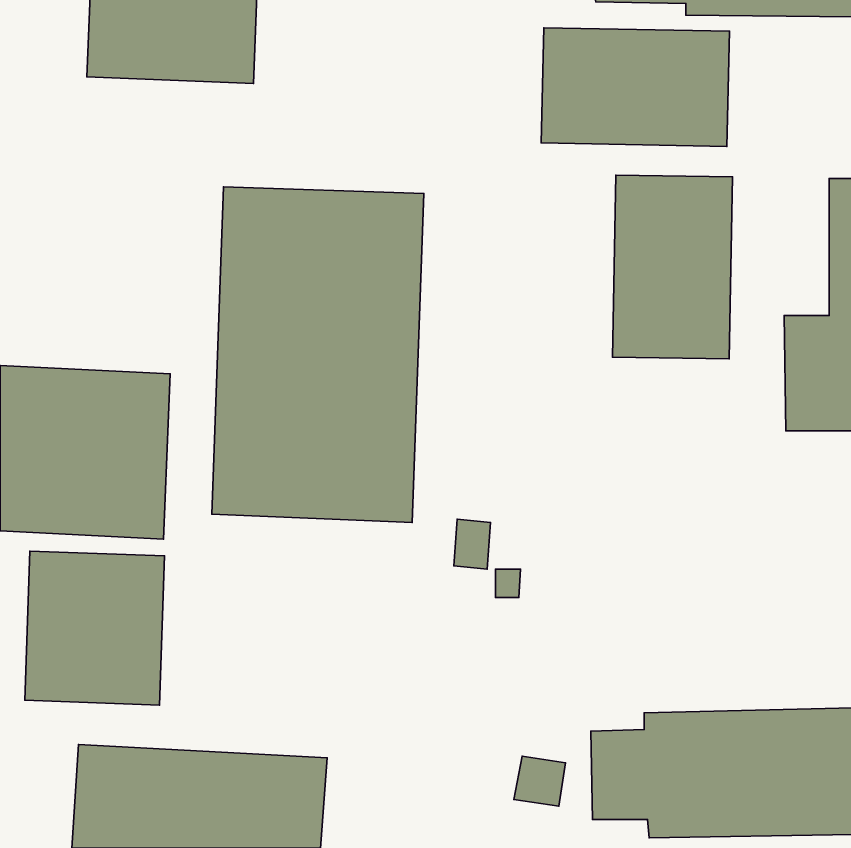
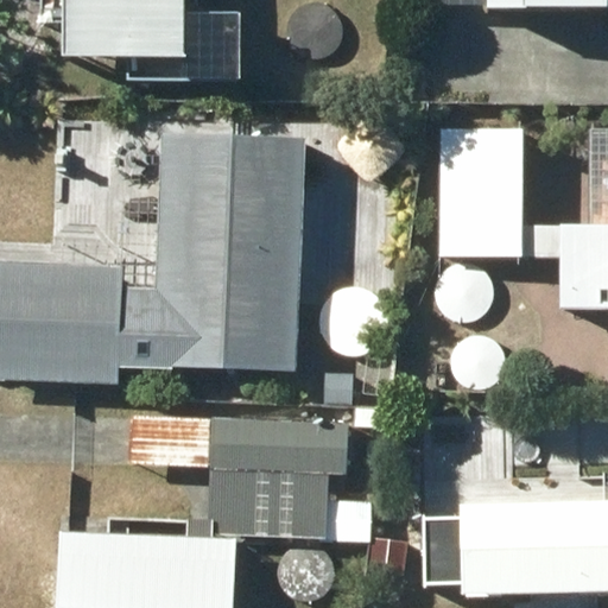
building: [541,28,730,146] -> none
building: [25,551,164,705] -> none
building: none -> [131,412,372,536]

